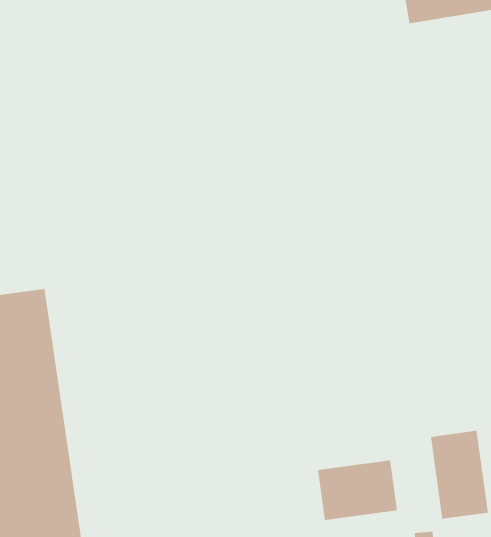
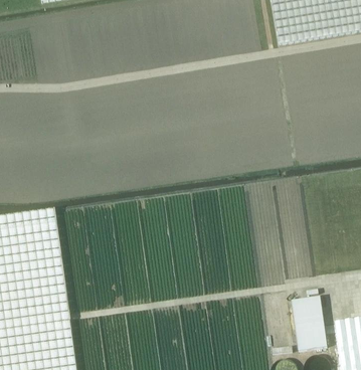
building: [317,460,398,521] -> none

